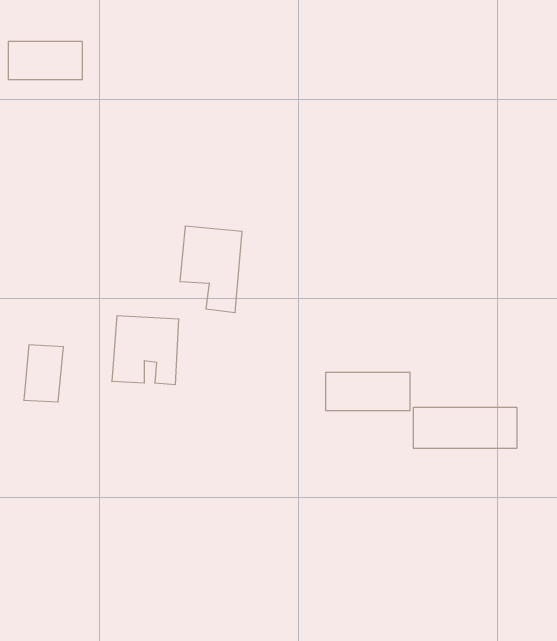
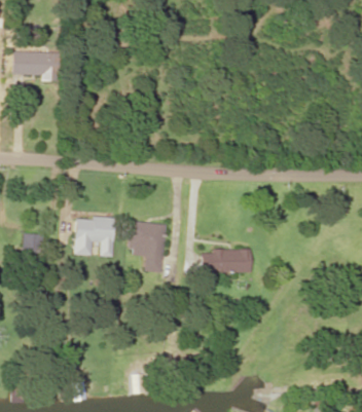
building: [180,226,242,312] -> [129,222,166,273]
building: [413,407,517,448] -> none

